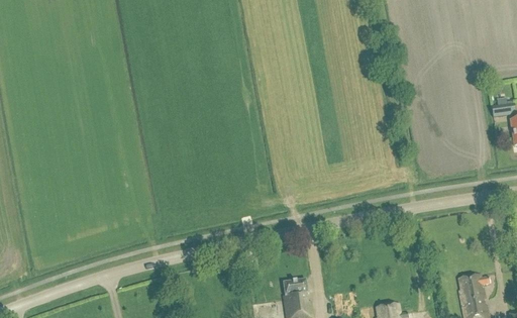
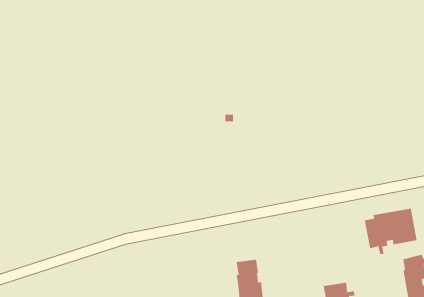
building: none -> [364,208,417,255]

